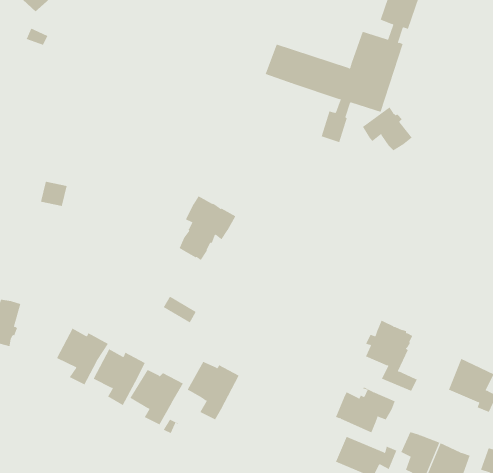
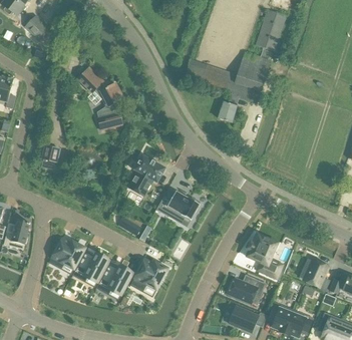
building: none -> [77,66,122,128]
building: [362,106,412,151] -> none
building: none -> [154,190,199,220]

